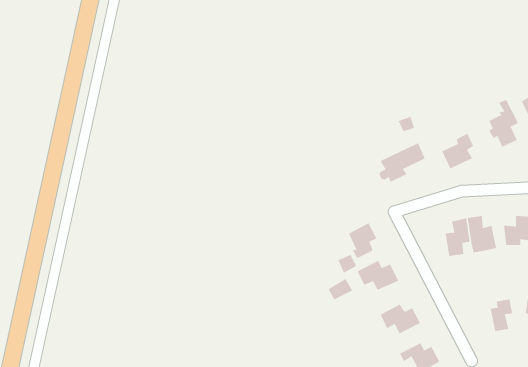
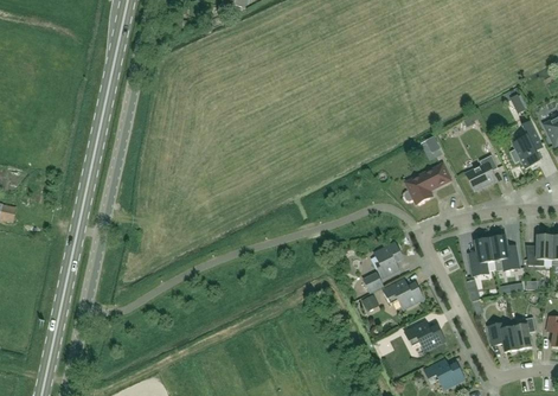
building: none -> [487,322,518,352]

